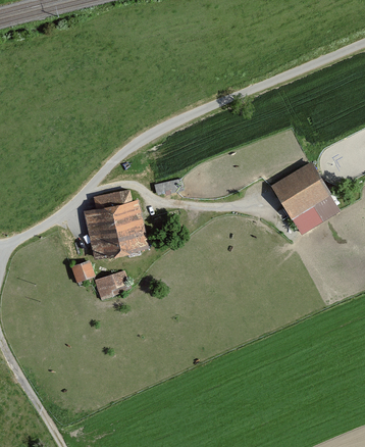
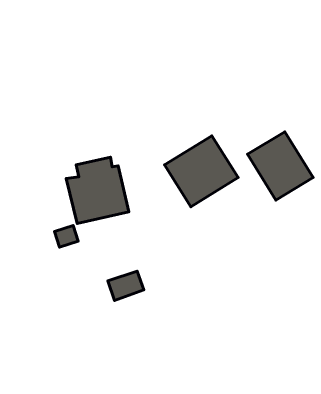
building: none -> [164,136,238,207]
building: [94,270,132,301] -> [108,271,144,301]

